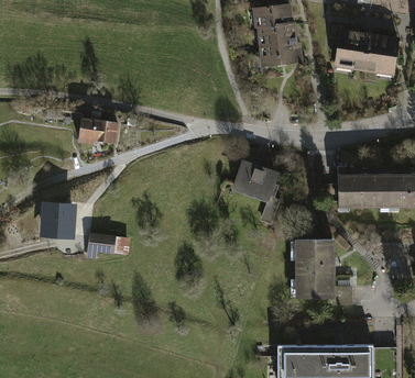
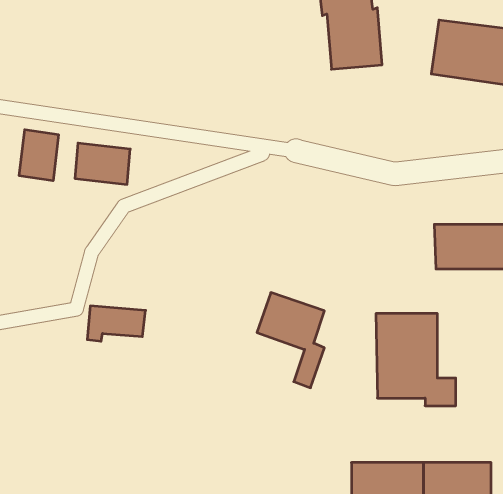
building: none -> [19,130,58,181]
building: [231,158,280,226] -> [257,293,324,388]
building: [45,201,78,234] -> none

